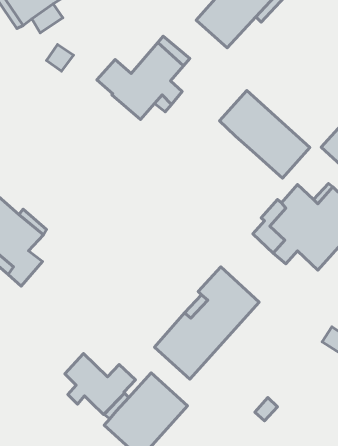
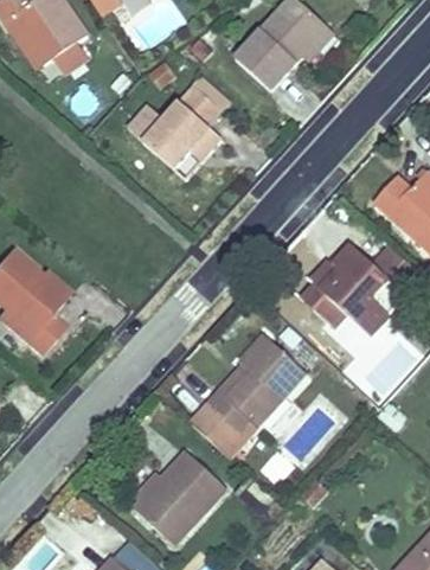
building: [220,91,310,178] -> none
building: [65,353,136,414] -> none

